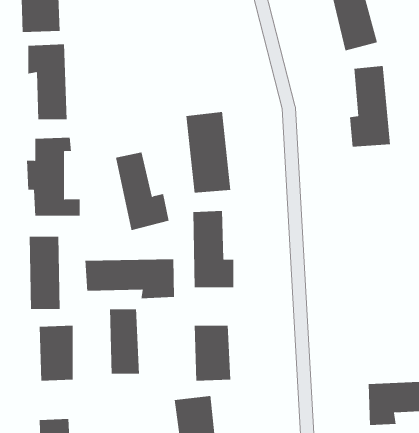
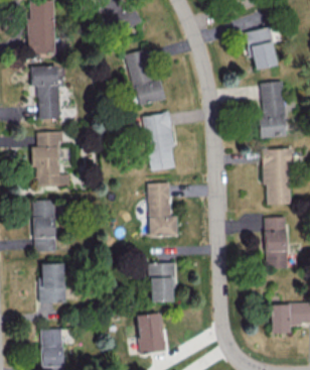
building: [115,152,170,231] -> [127,50,165,106]
building: none -> [263,148,292,205]
building: [85,258,175,299] -> none
building: none -> [265,217,288,269]
building: [109,309,139,374] -> none

